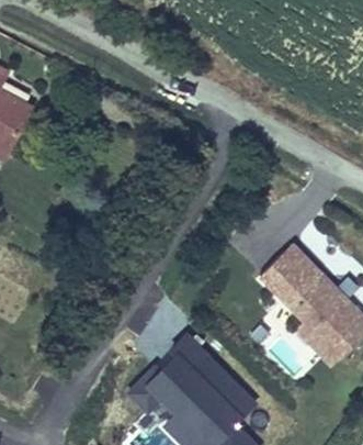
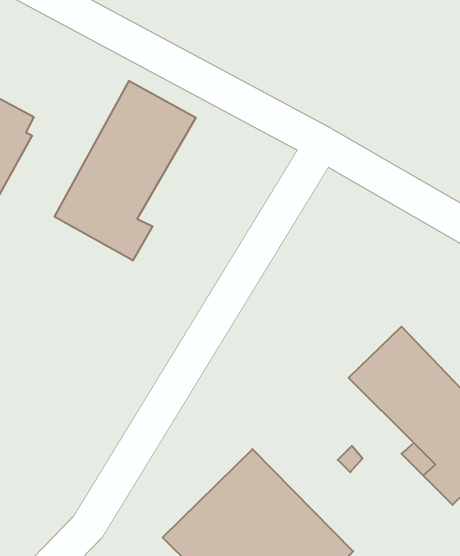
building: none -> [55,81,196,261]

